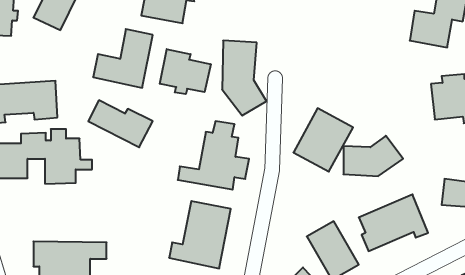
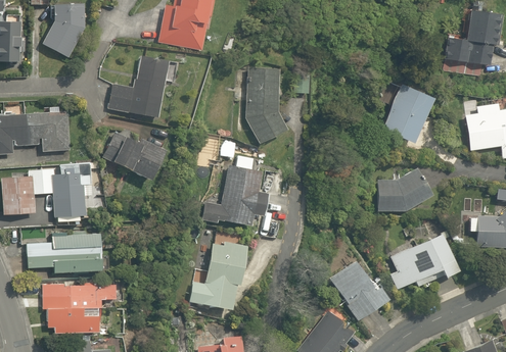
building: [160,49,211,94] -> none
building: [293,108,353,172] -> [376,80,440,147]
building: none -> [27,235,103,273]

